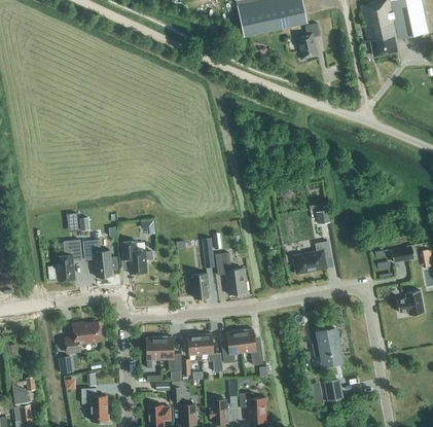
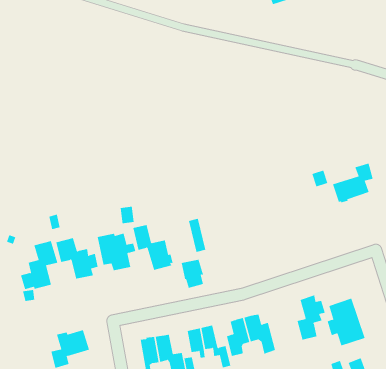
building: [293,242,330,274] -> [332,163,373,203]
building: [215,253,247,294] -> [132,225,173,271]
building: none -> [297,295,326,341]

